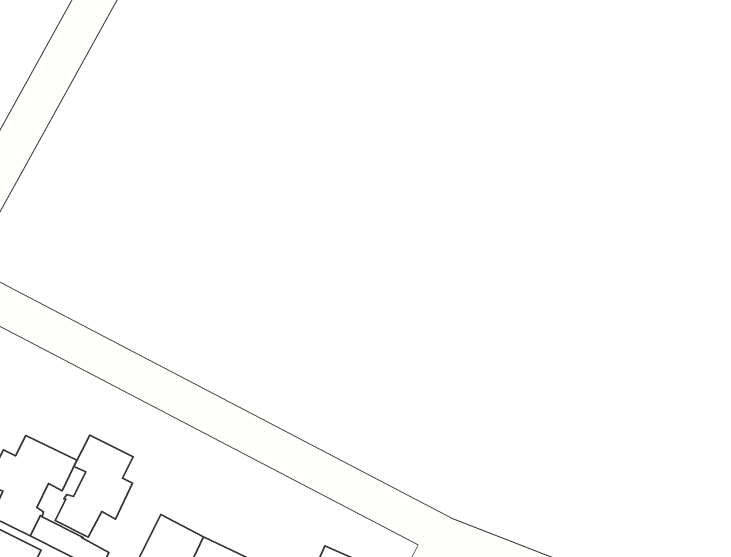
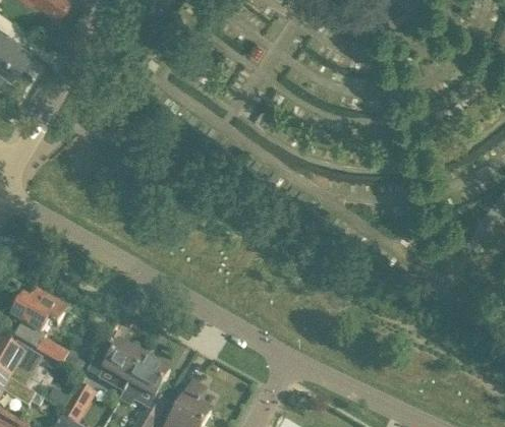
building: [55,435,133,537] -> none

